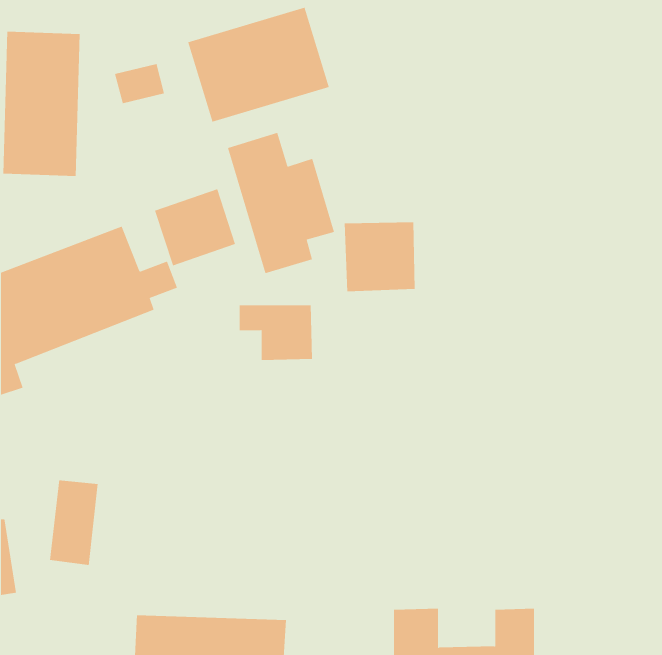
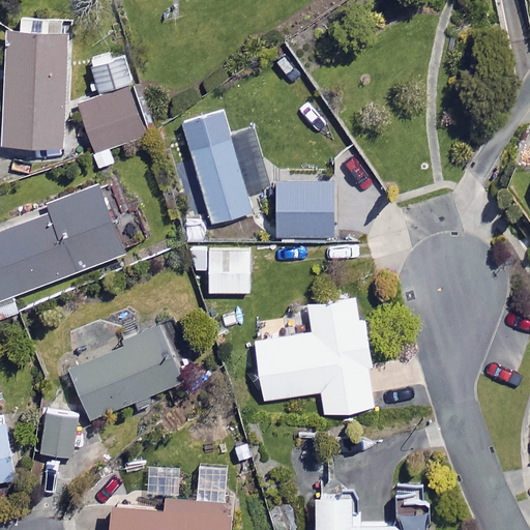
building: [188,7,330,123] -> none
building: [154,188,236,266] -> [80,91,145,153]
building: none -> [255,297,376,415]
building: none -> [70,328,183,419]

